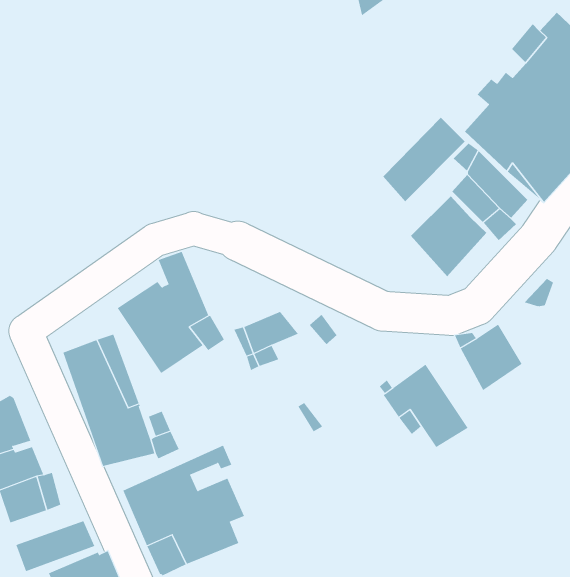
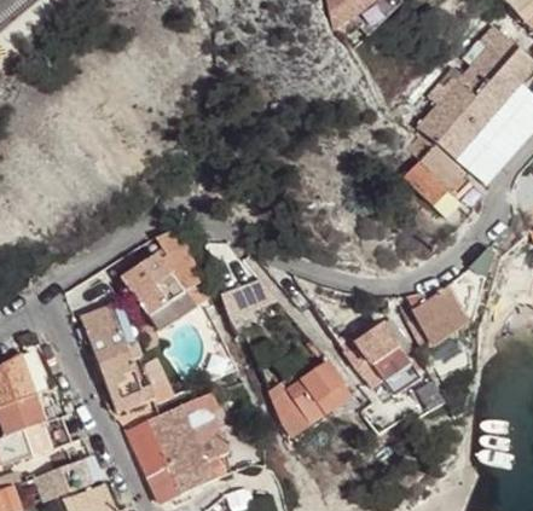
building: [382,117,466,202] -> none
building: [410,195,487,277] -> none
building: none -> [274,362,350,439]

